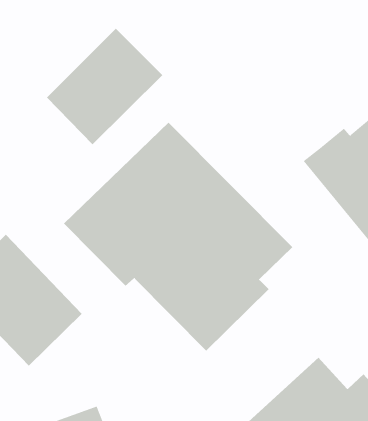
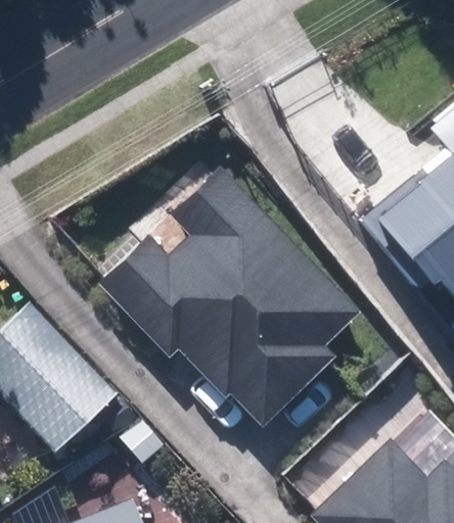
building: [46,28,163,145] -> none

